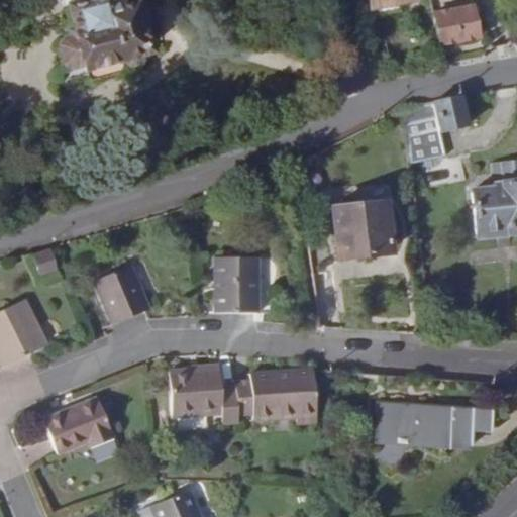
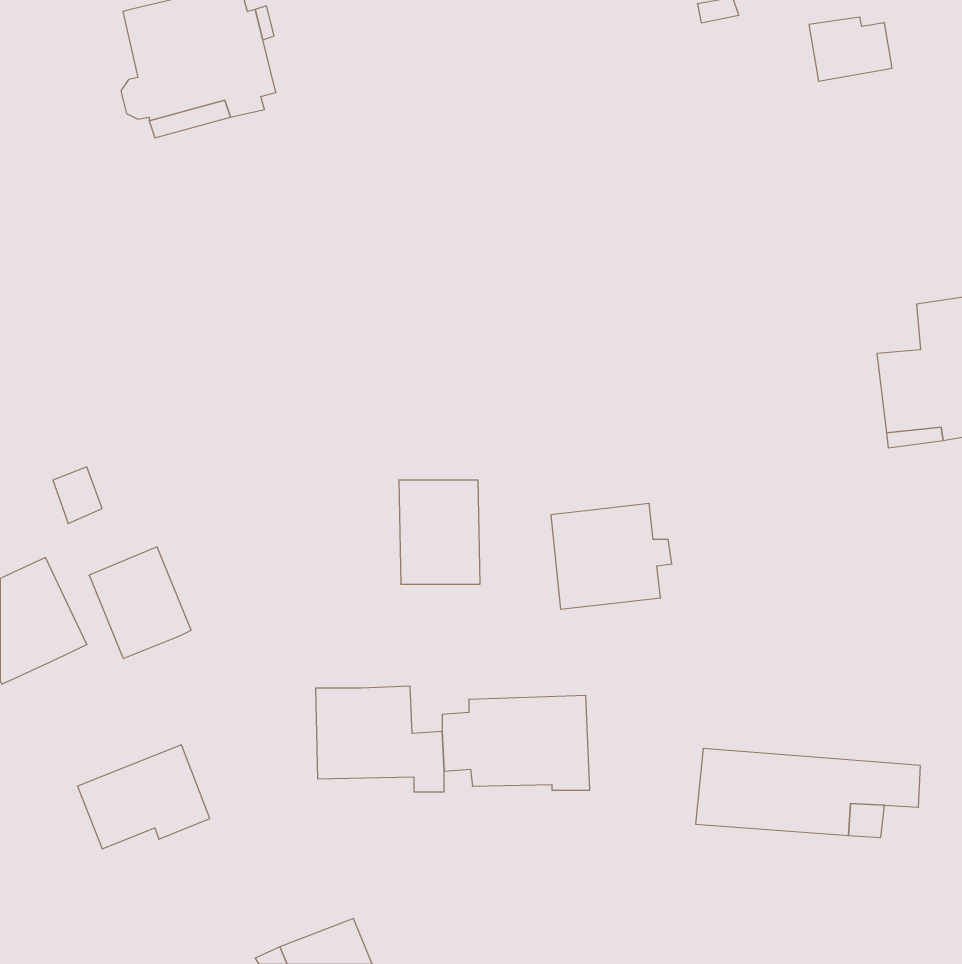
building: [405,95,467,162] -> none
building: [333,203,398,260] -> [551,503,672,609]
building: [96,265,150,324] -> [89,547,191,658]

